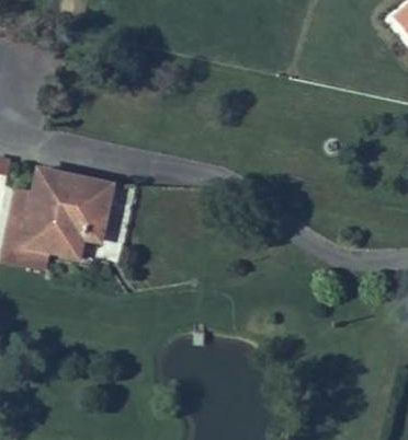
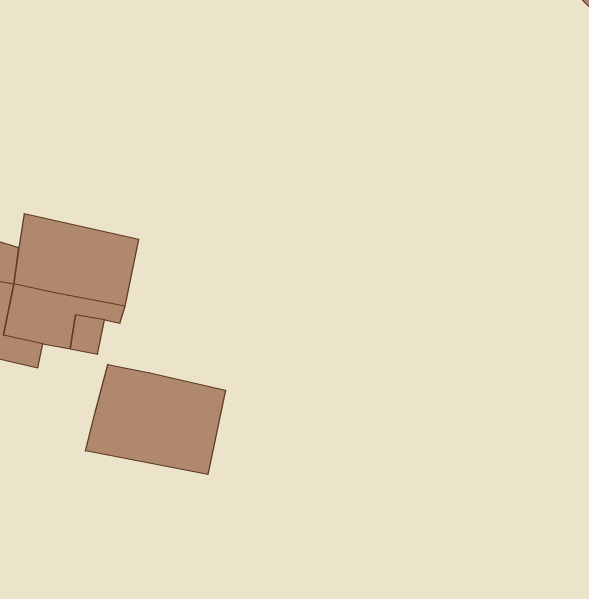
building: none -> [85,364,225,474]

